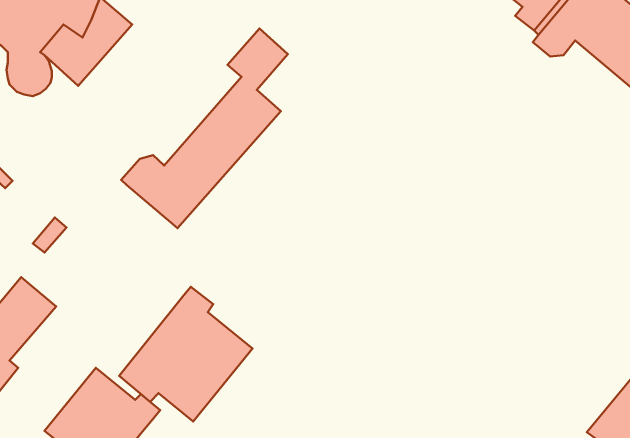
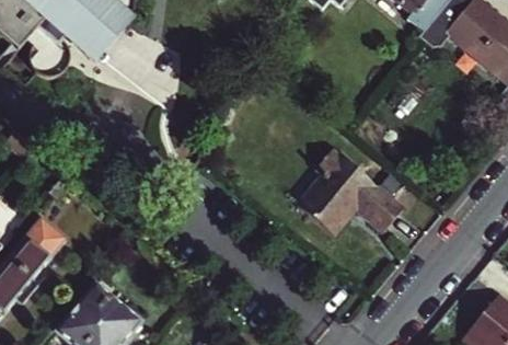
building: [121,28,288,228] -> none
building: none -> [298,147,403,233]
building: [119,287,253,421] -> none

